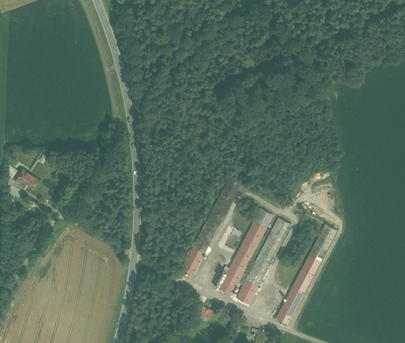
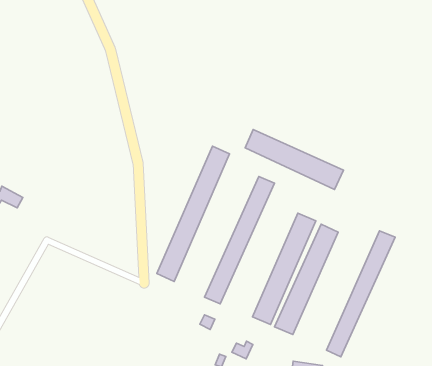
building: none -> [245,130,343,189]
building: none -> [157,146,230,281]

